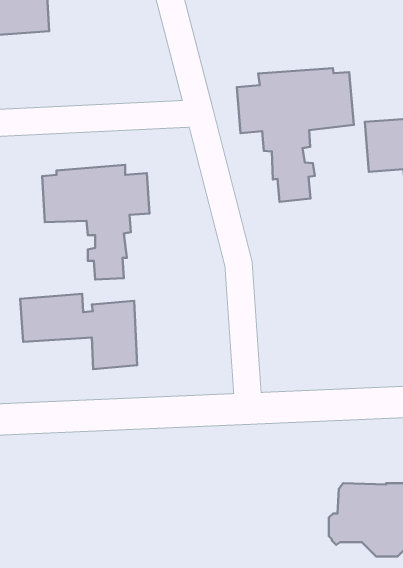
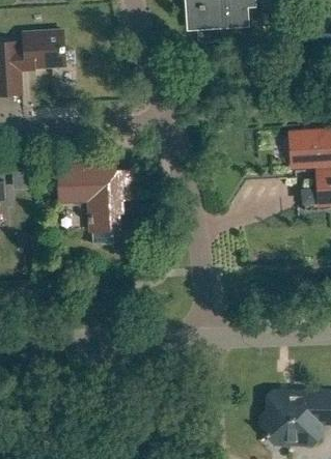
building: [237,68,354,202] -> none
building: [20,294,137,369] -> none

